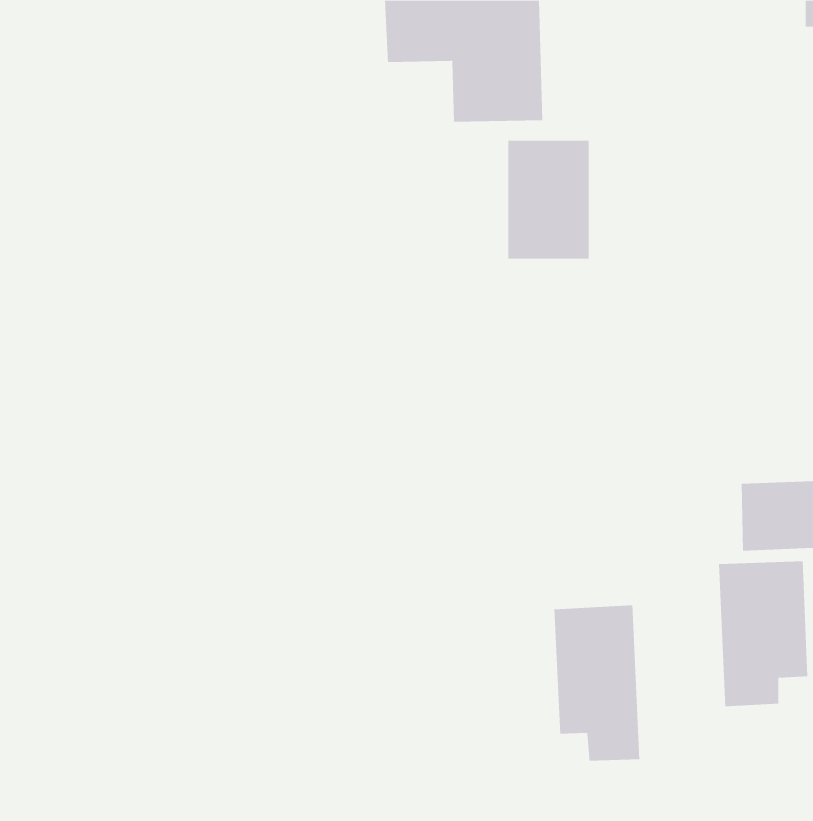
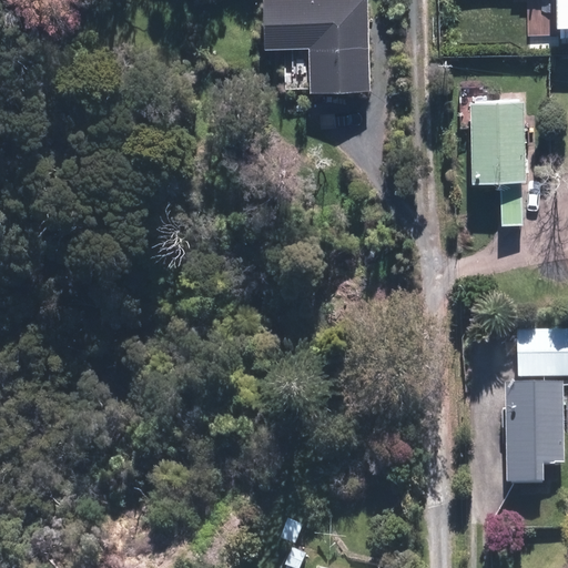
building: [507,140,589,259] -> [467,102,524,184]
building: [554,605,640,761] -> none

